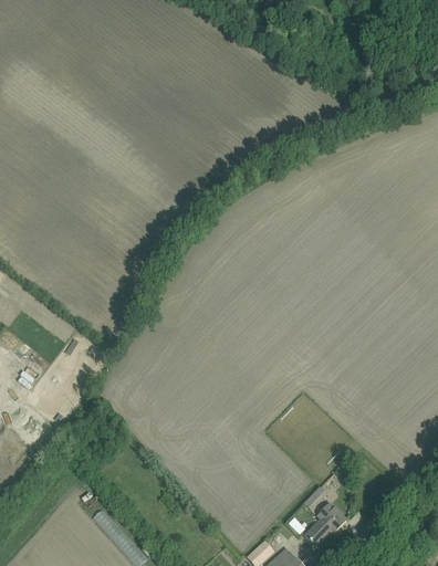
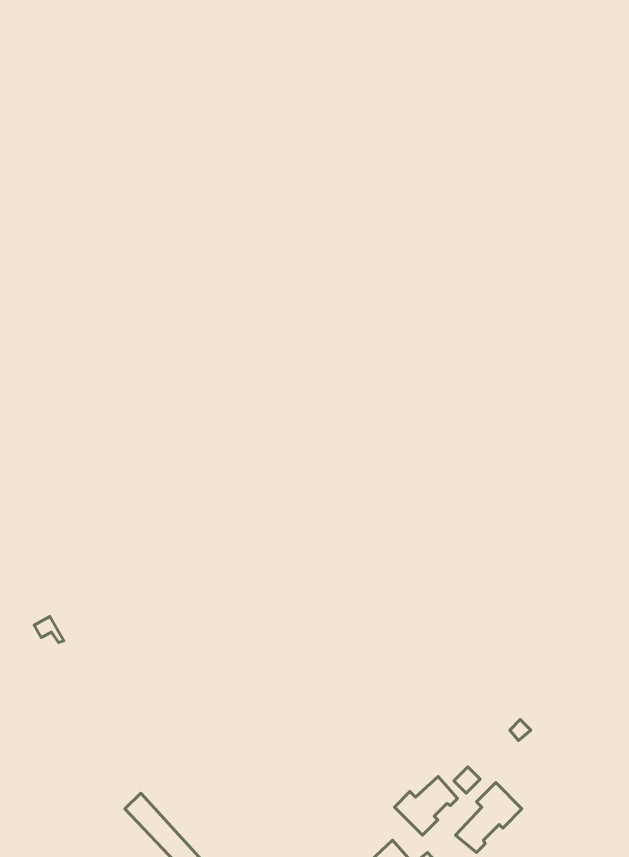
building: none -> [394,776,457,835]

